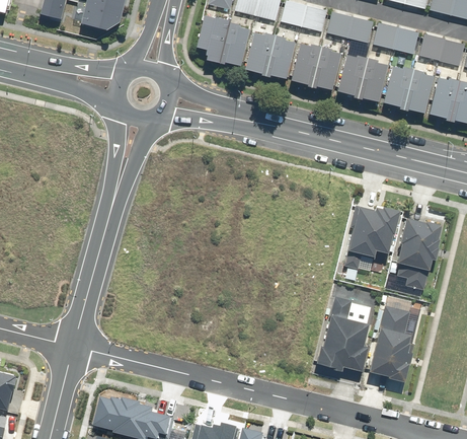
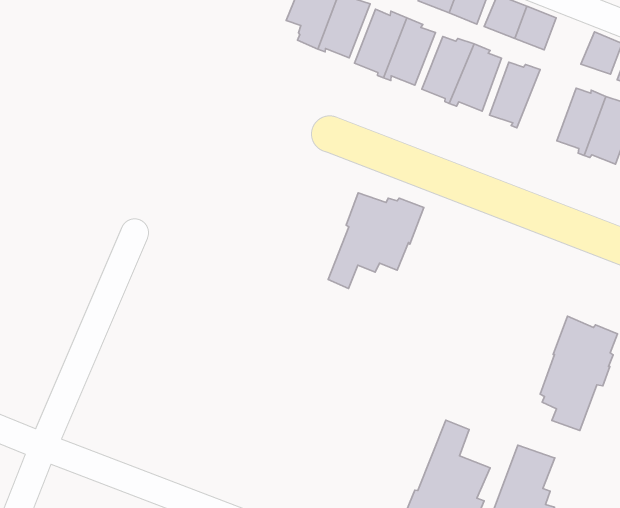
building: [373,21,399,49] -> none
building: [357,56,387,100] -> none
building: [343,205,400,269] -> [328,193,424,288]

